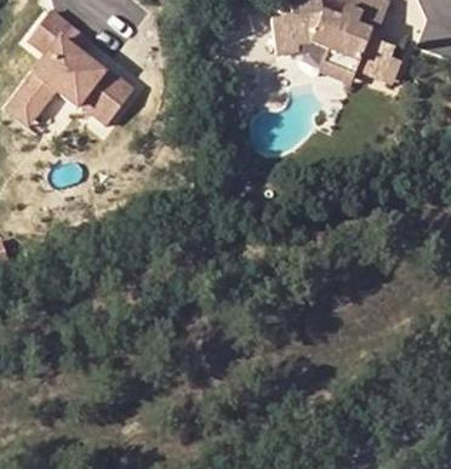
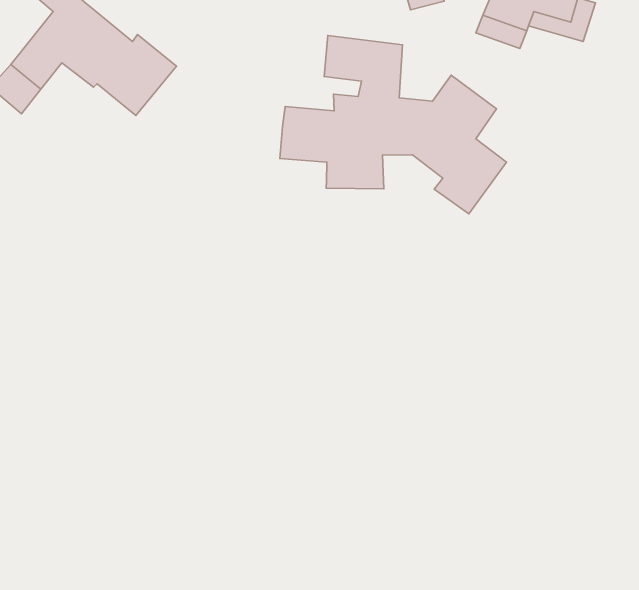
building: none -> [280,35,506,214]

